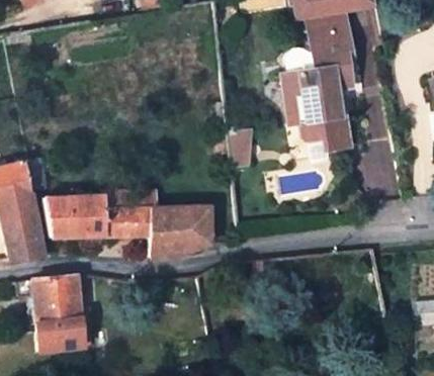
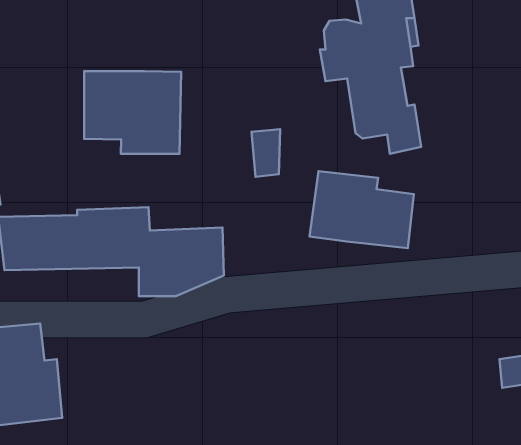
building: none -> [84,71,181,154]
building: none -> [310,171,414,248]

